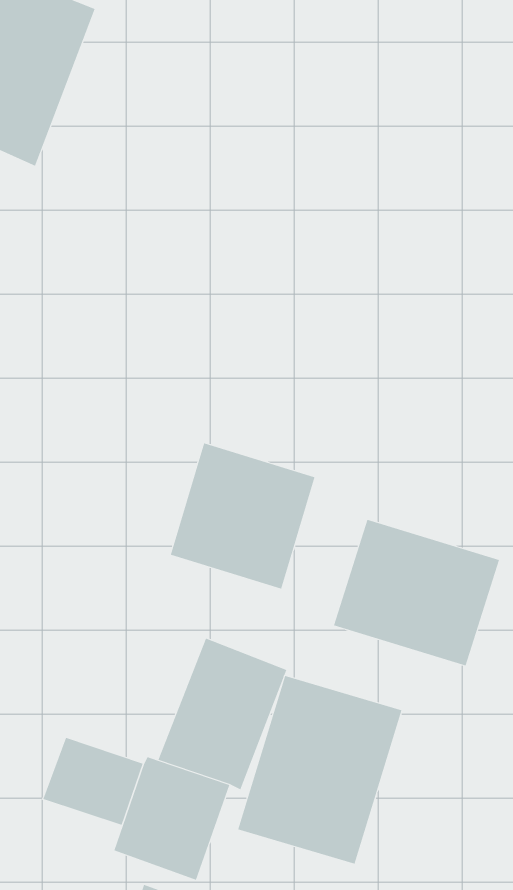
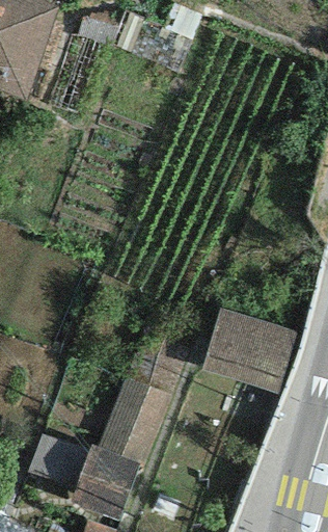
building: [170,443,315,589] -> none
building: [238,675,402,864] -> none

